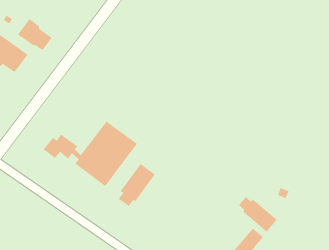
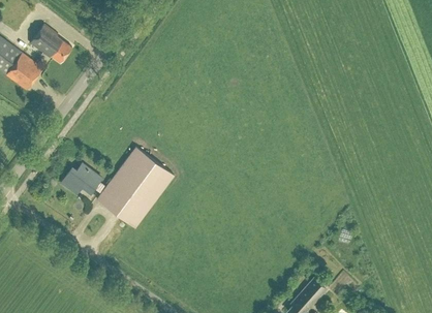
building: [118,163,155,207] -> none
building: [238,196,277,232] -> none

